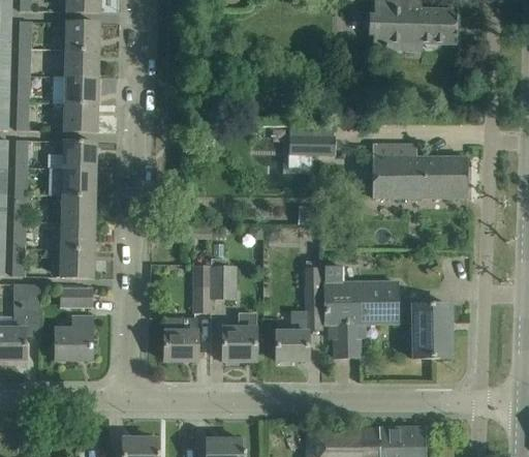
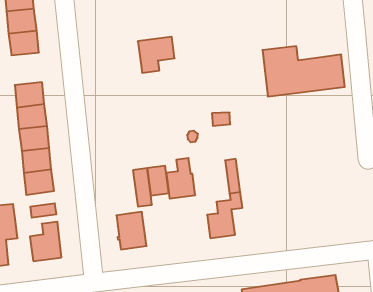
building: [62,103,97,131] -> none
building: [290,126,333,165] -> [138,37,175,73]
building: [324,266,452,358] -> none
building: [223,314,255,361] -> [166,158,195,199]

